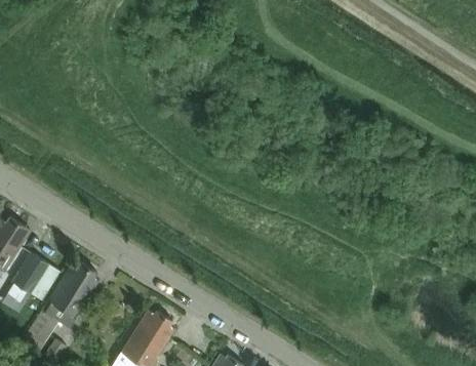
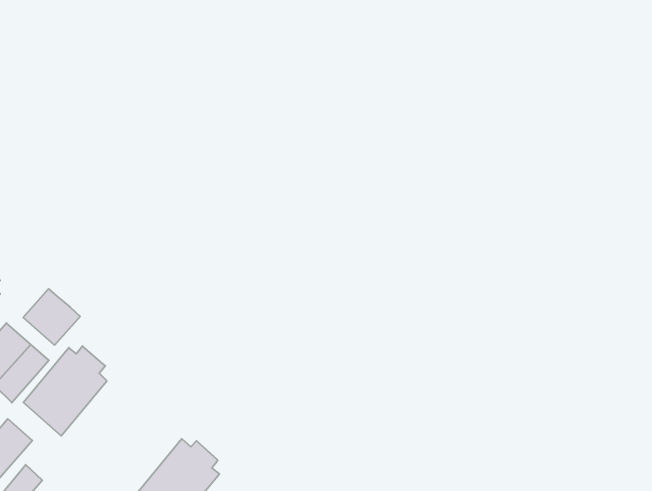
building: none -> [23,289,80,345]

